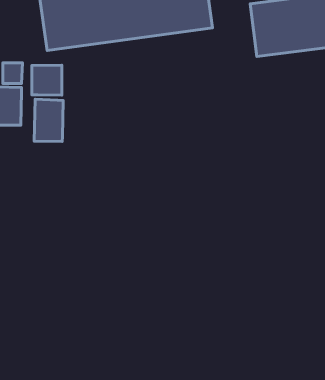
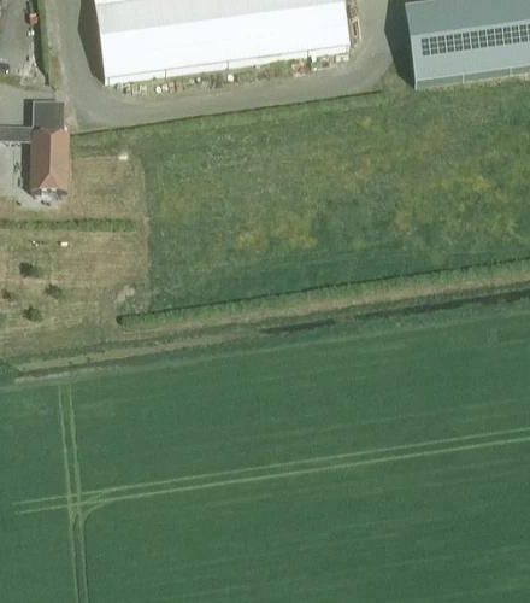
building: [32,65,62,95] -> none
building: [34,99,63,141] -> none

